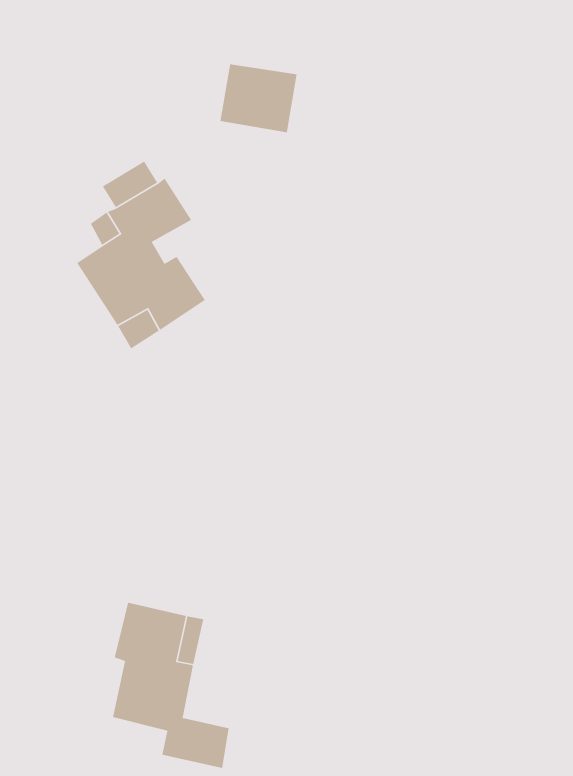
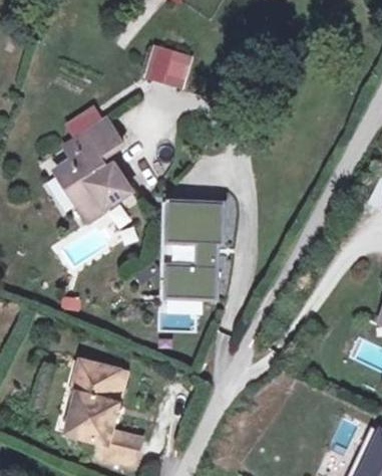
building: none -> [165,200,225,297]

